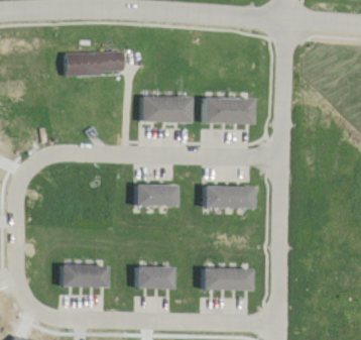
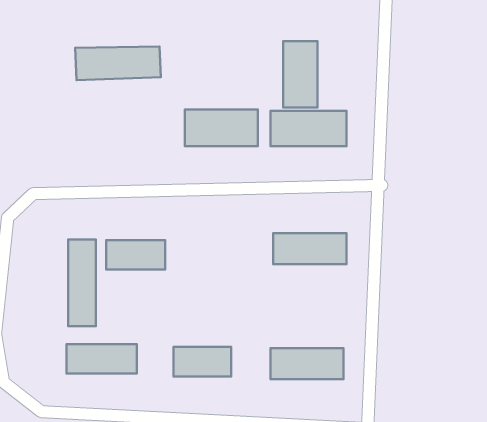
building: none -> [283,41,317,107]
building: [136,185,178,206] -> [106,240,165,270]
building: none -> [68,240,96,326]

